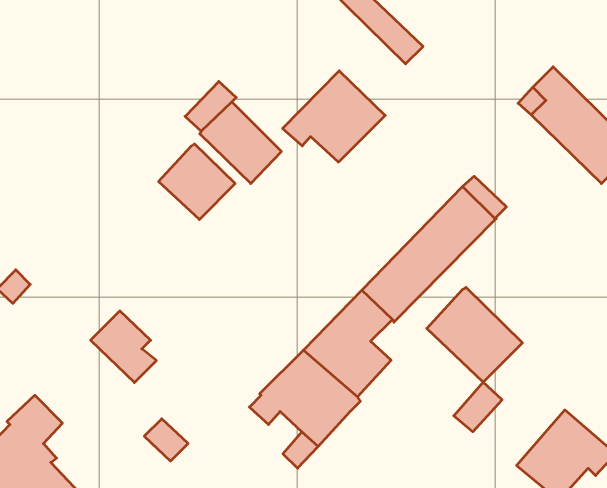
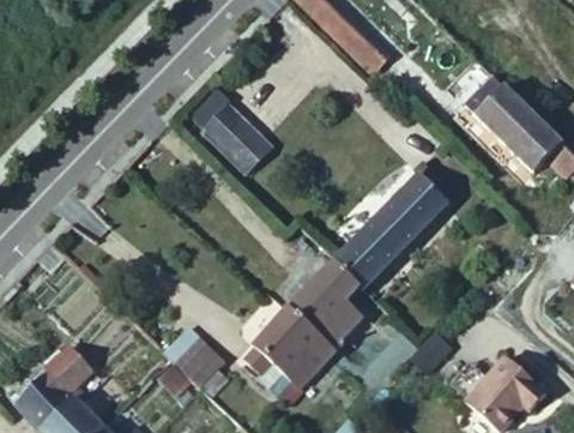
building: [283,71,385,162] -> none
building: [159,144,235,220] -> none
building: [427,287,522,382] -> none
building: [91,311,156,383] -> [174,337,228,396]

